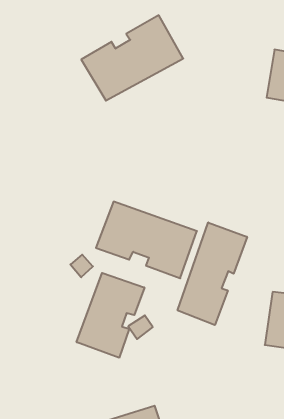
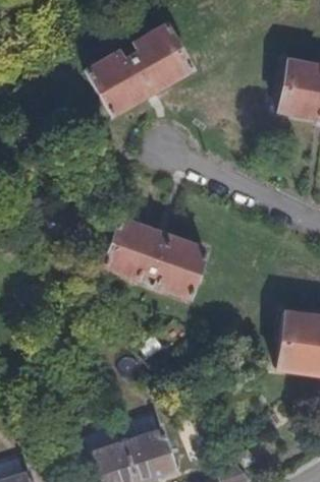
building: [178,222,247,325] -> none
building: [77,273,144,358] -> none

